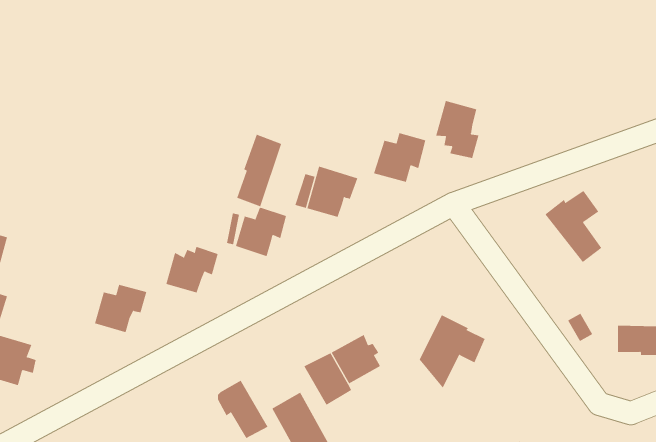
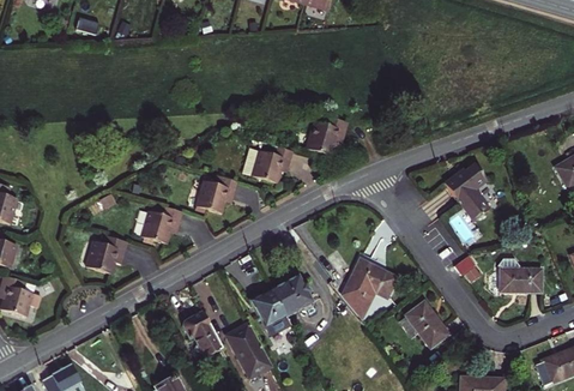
building: [435,100,479,159] -> none
building: [236,134,282,207] -> none
building: none -> [399,302,448,348]

